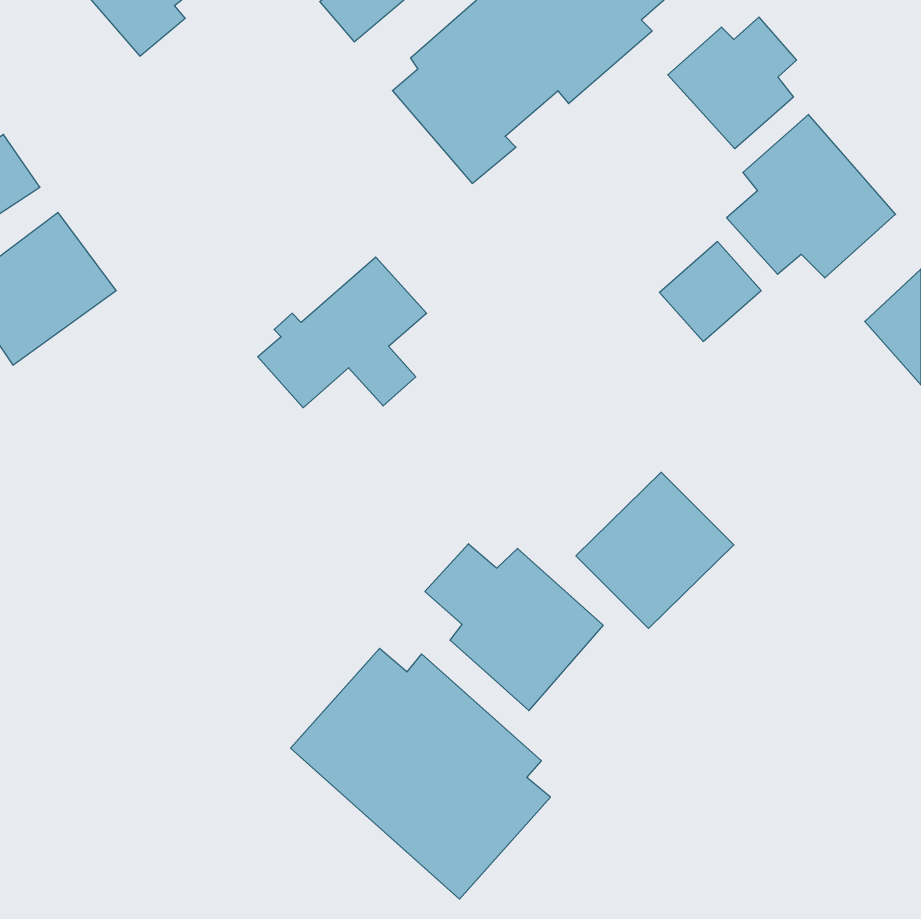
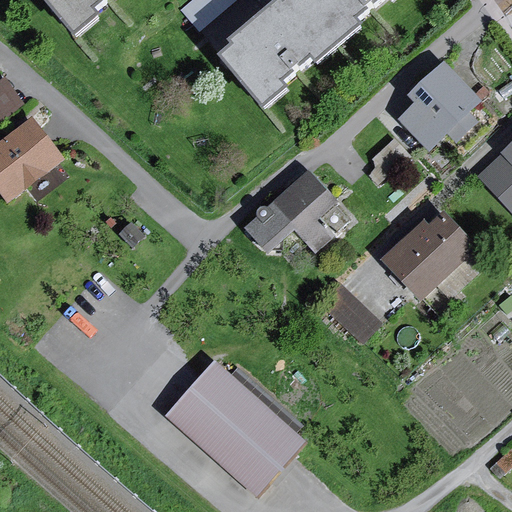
building: [668,17,796,149] -> none
building: [258,257,427,408] -> [245,174,338,257]
building: none -> [382,213,481,304]
building: [425,544,603,711] -> none

